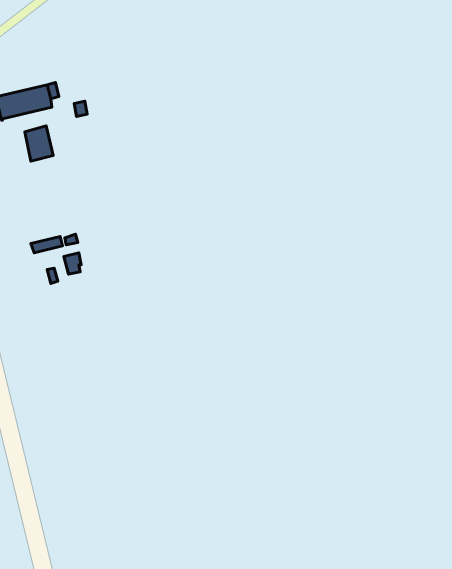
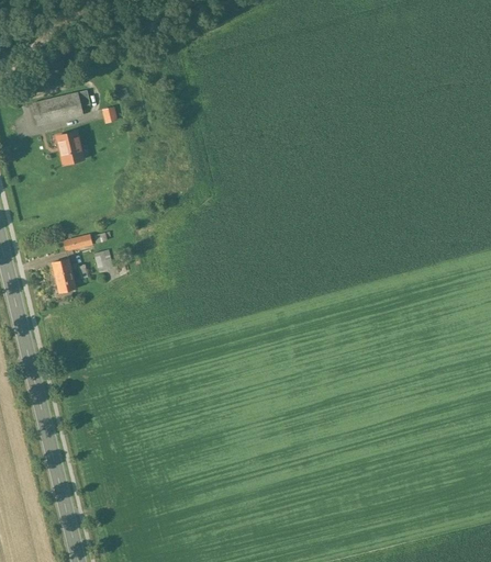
building: none -> [52,257,76,292]

